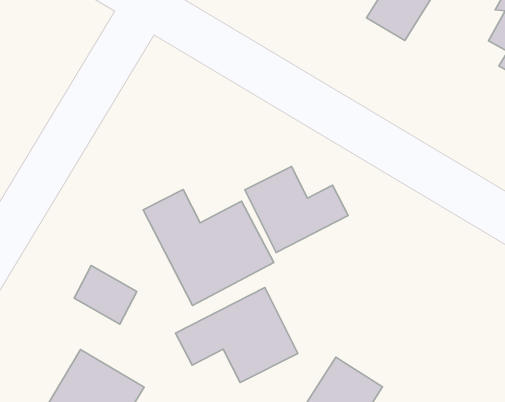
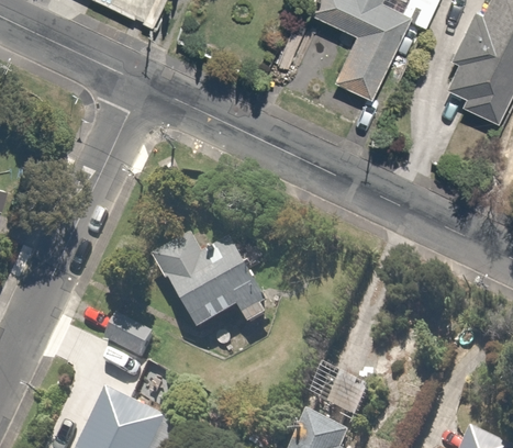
building: [245,167,348,253] -> none
building: [176,287,298,383] -> none

